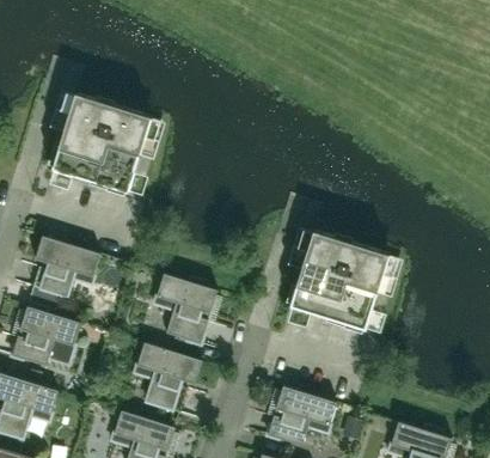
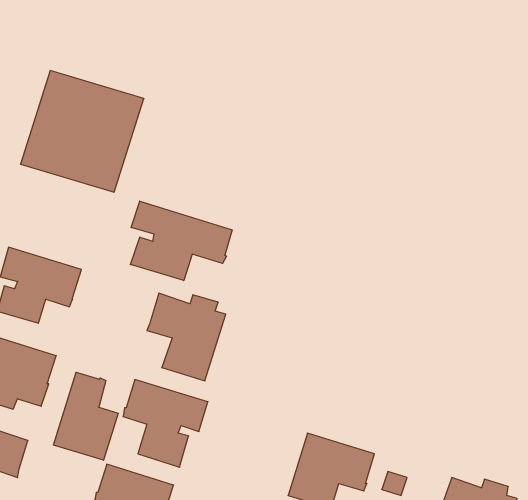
building: none -> [130,201,232,281]
building: [290,231,390,330] -> none
building: none -> [54,372,118,460]

